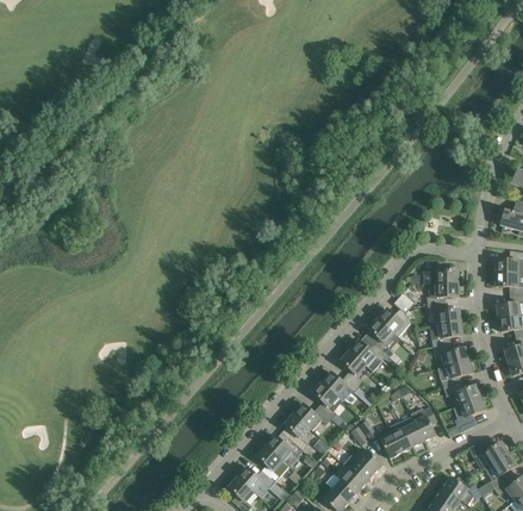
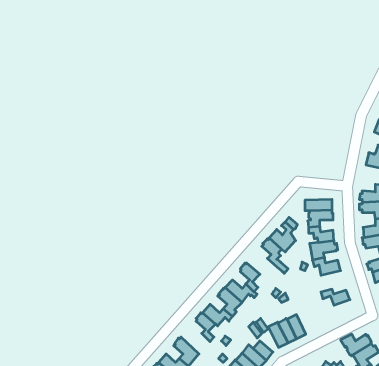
building: [350,339,388,370] -> none
building: [438,360,474,387] -> none
building: [448,397,486,437] -> none
building: [411,406,438,441] -> none
building: [267,435,304,467] -> none

